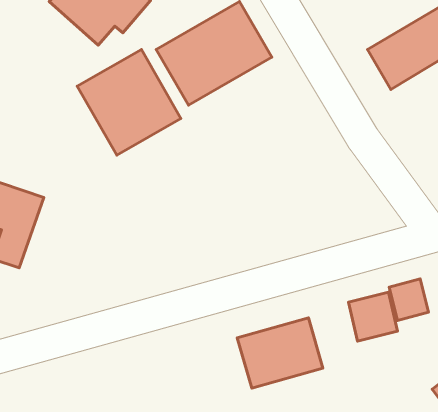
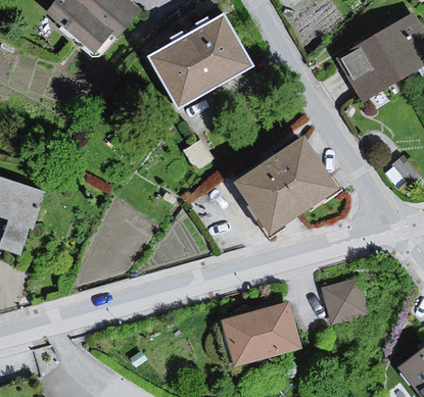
building: [77,50,181,155] -> none
building: none -> [232,134,339,235]
building: [389,279,428,321] -> none

